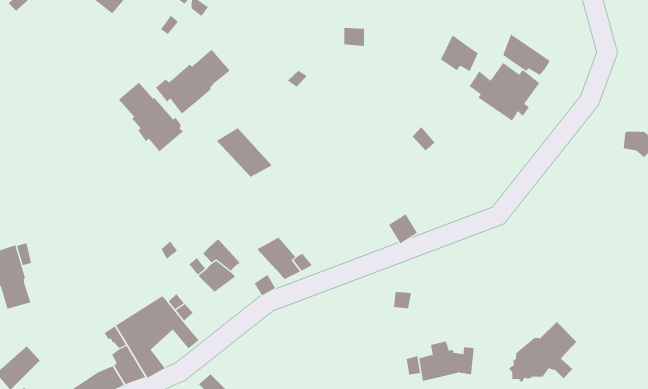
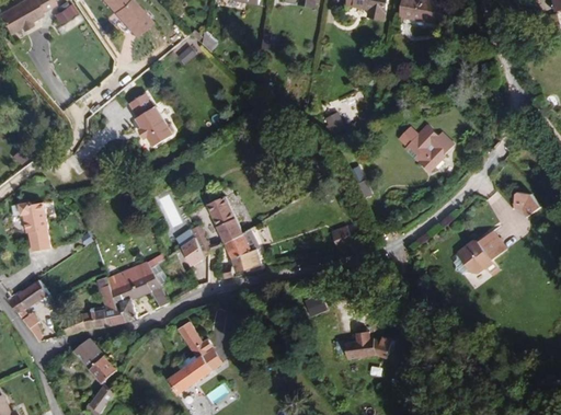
building: [503,33,550,76] -> none
building: [440,34,478,72] -> none
building: [155,49,231,115] -> none
building: [216,127,272,178] -> [203,195,243,235]
building: [508,321,577,383] -> [459,229,516,275]

